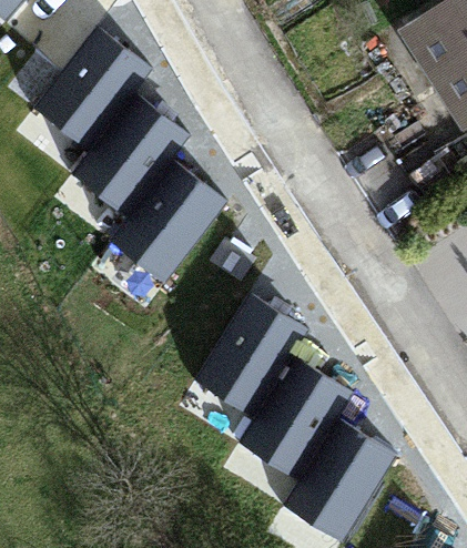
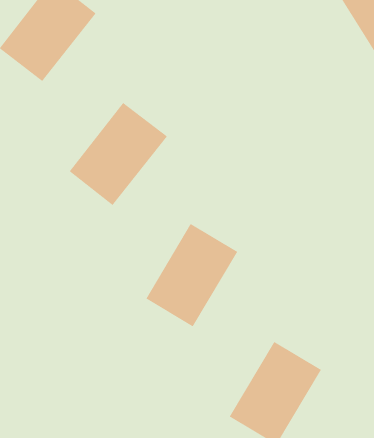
building: [81,99,189,212] -> none
building: [247,363,348,476] -> none

